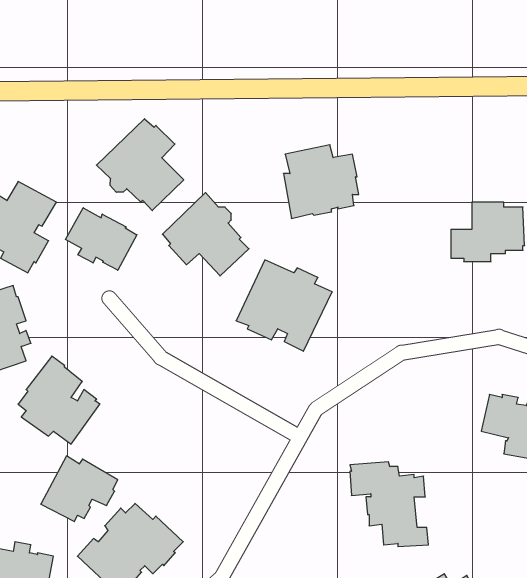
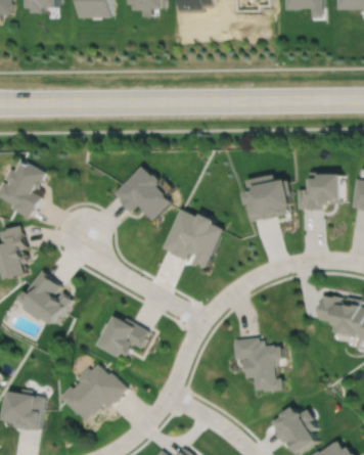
building: [96,119,184,211] -> none
building: [283,145,359,218] -> [244,175,292,222]
building: [65,208,137,270] -> none
building: [41,456,118,522] -> [99,317,148,359]

